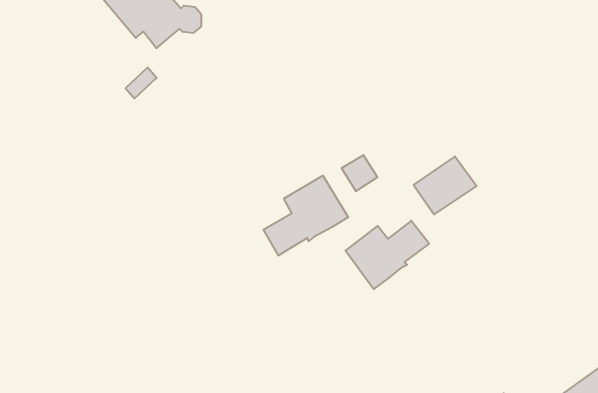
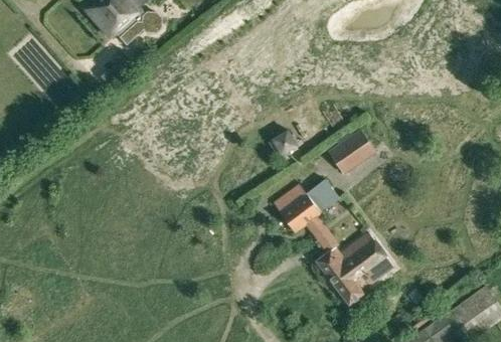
building: [264,176,348,256] -> none
building: none -> [306,215,392,304]

